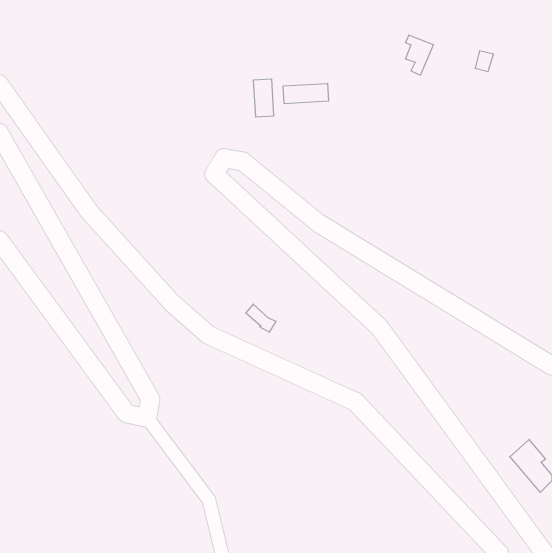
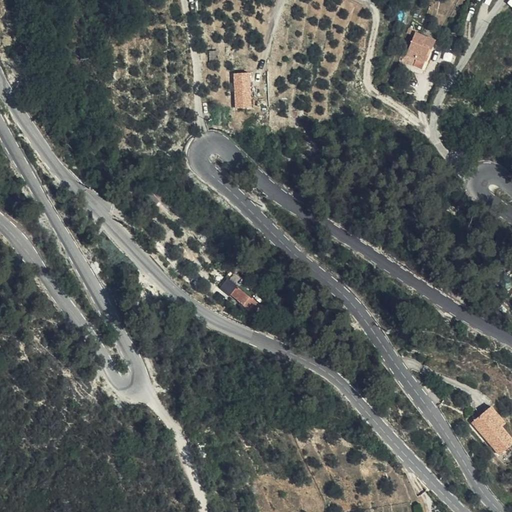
building: [405,35,434,75] -> [407,33,433,70]
building: [283,83,329,104] -> none

